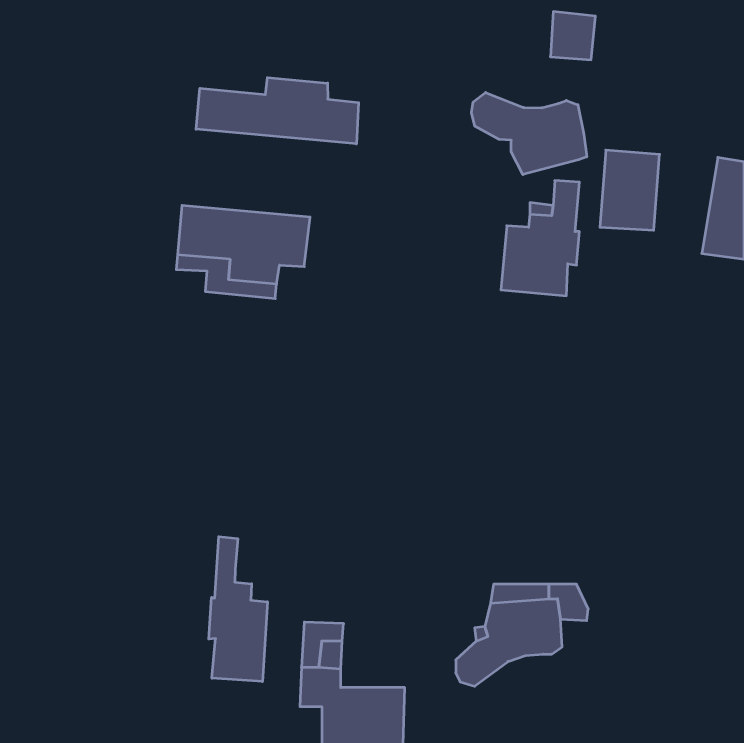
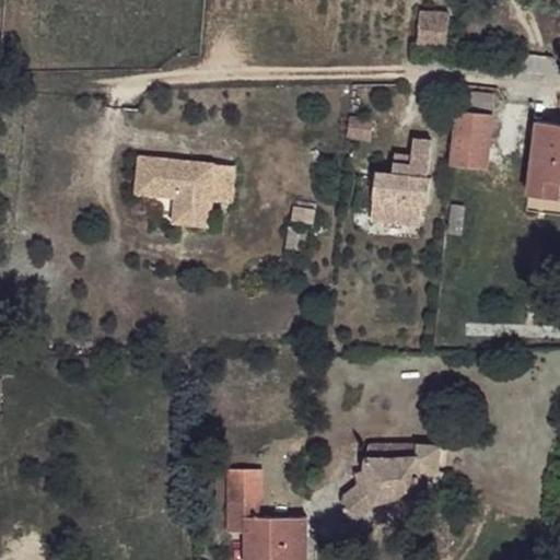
building: [196,78,359,144] -> none
building: [471,92,587,175] -> none
building: [209,537,267,682] -> none

